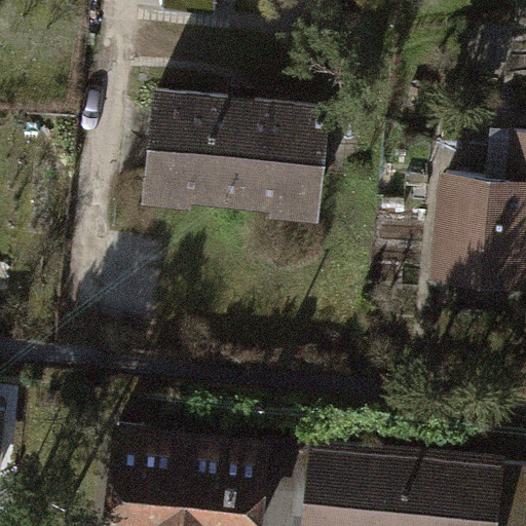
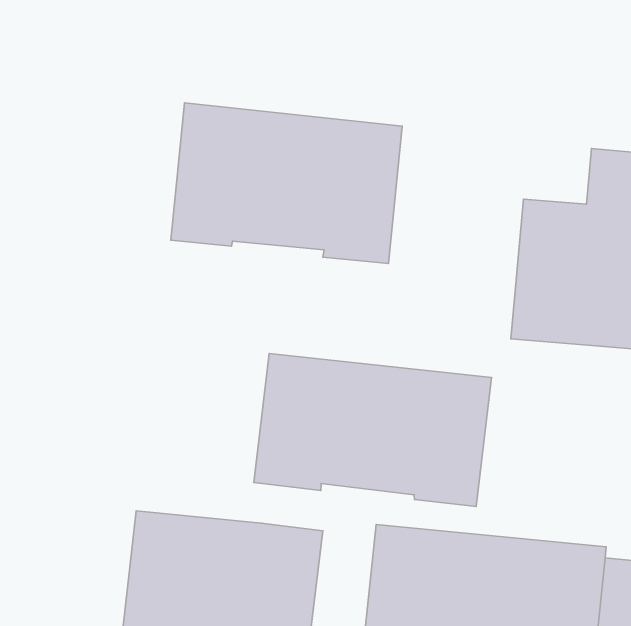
building: none -> [254,353,491,507]

